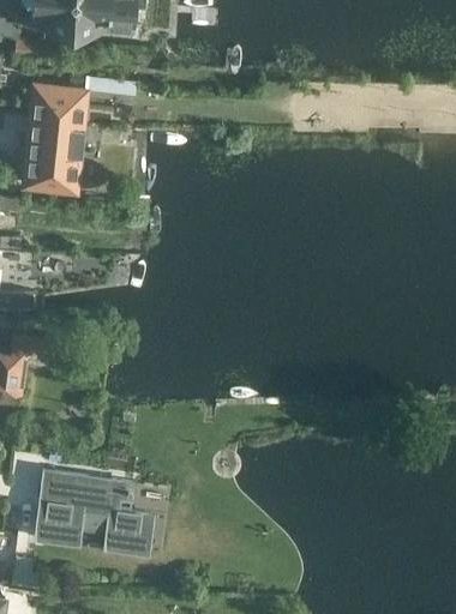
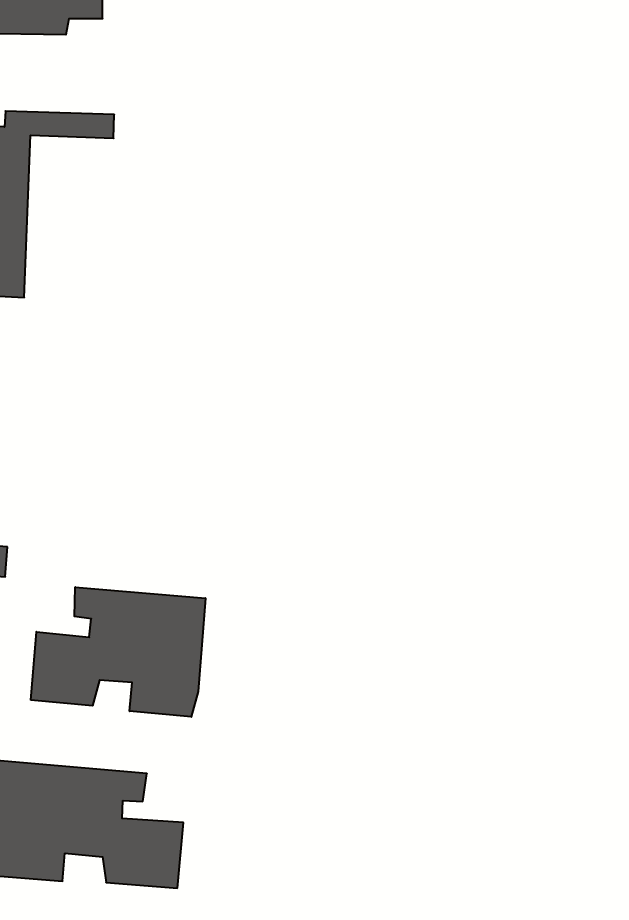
building: none -> [31,587,205,717]

